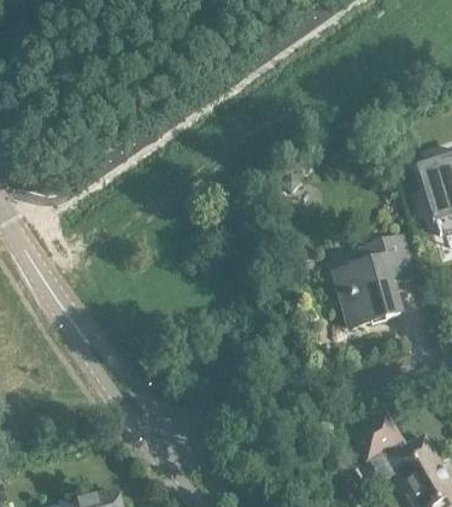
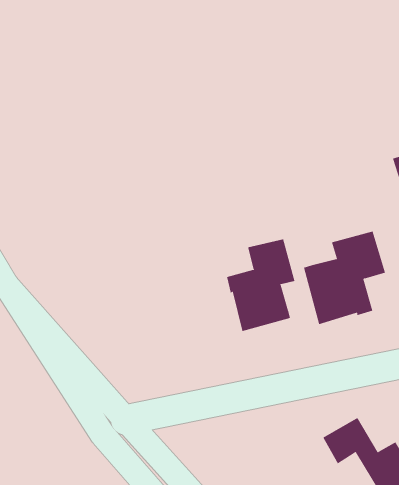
building: none -> [226,238,295,332]

